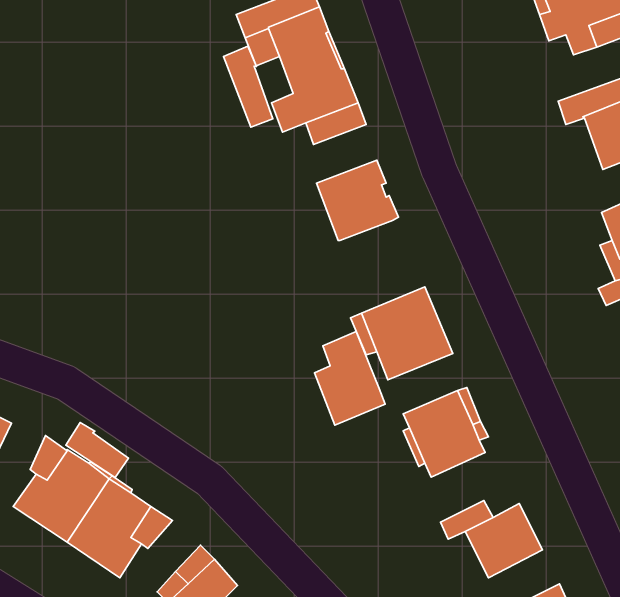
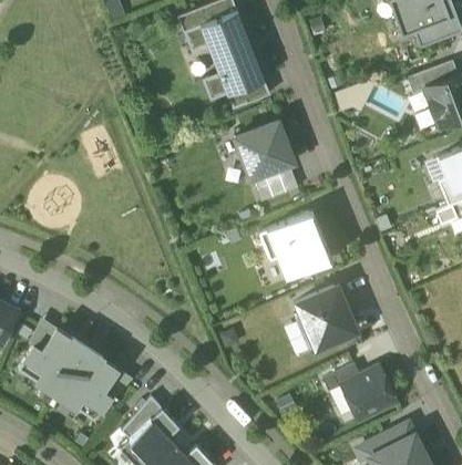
building: [224,46,273,127] -> none
building: none -> [251,164,298,203]
building: [315,331,385,425] -> none
building: [66,422,128,478] -> none

